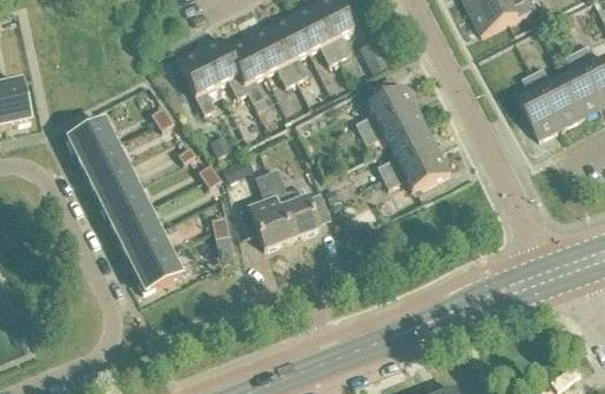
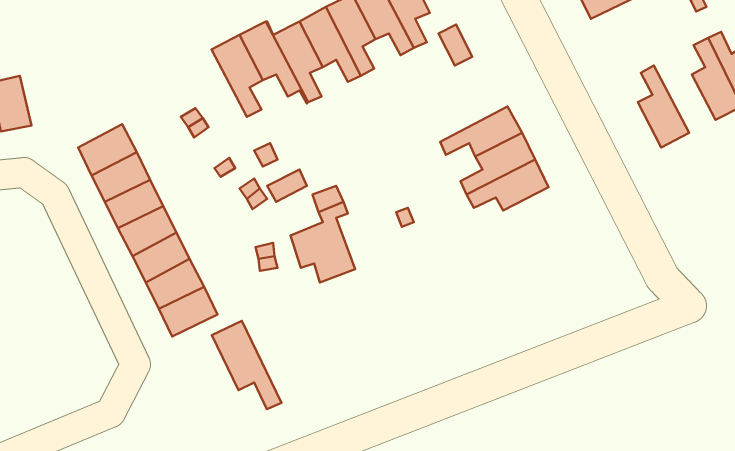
building: [534,65,584,126] -> none
building: [355,83,415,133] -> none
building: [276,185,318,236] -> none
building: none -> [212,321,281,409]

